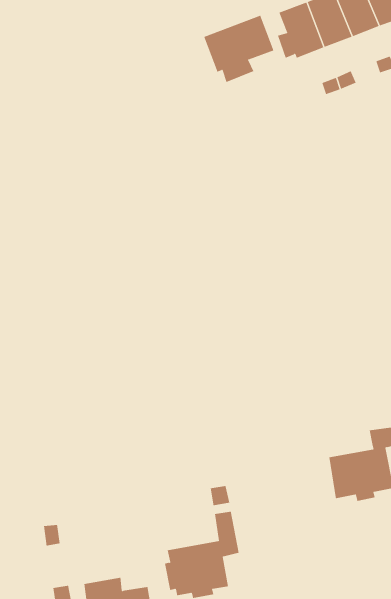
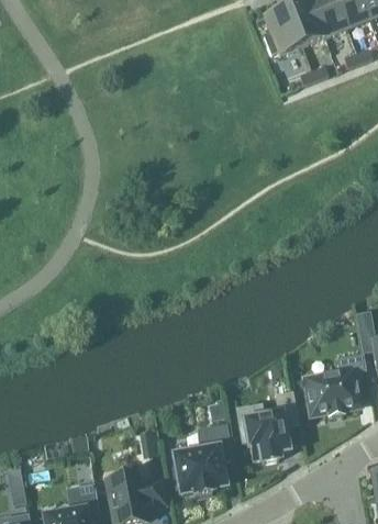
building: [203,15,274,83] -> none
building: none -> [240,391,294,465]

